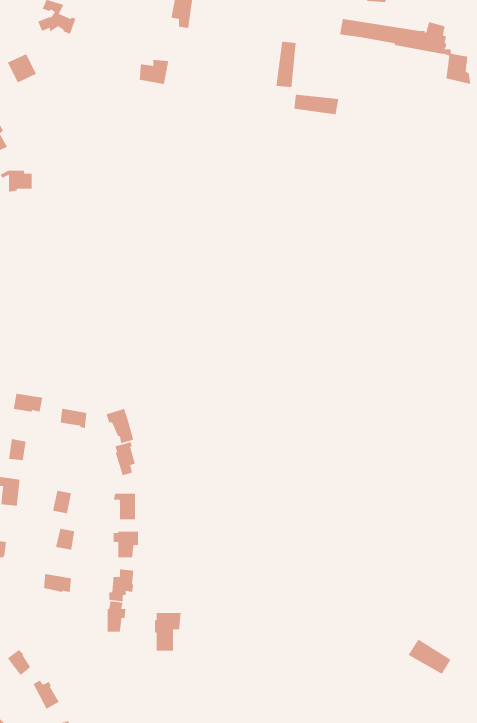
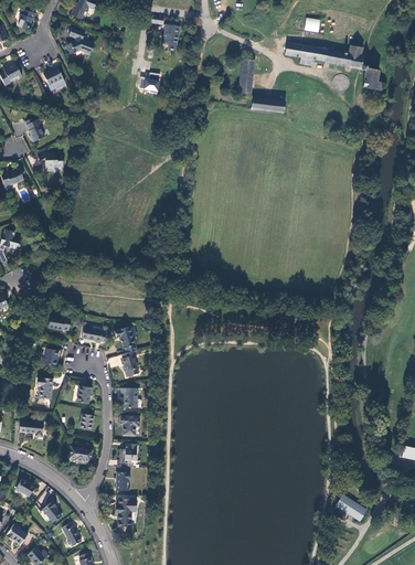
building: [154,612,181,651] -> [116,499,136,527]

